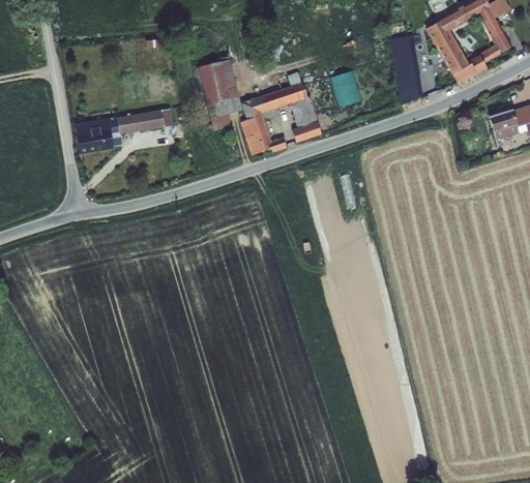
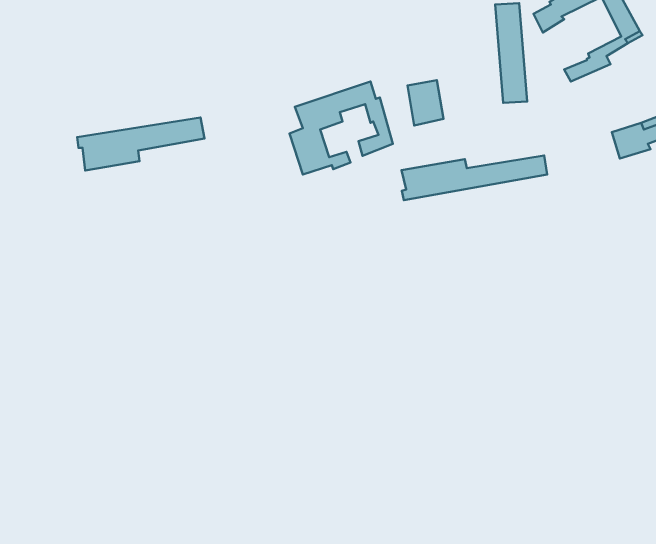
building: [436,33,470,72] -> none
building: [195,57,240,117] -> none
building: none -> [401,156,547,200]

